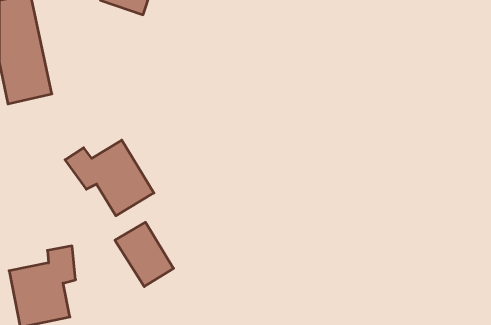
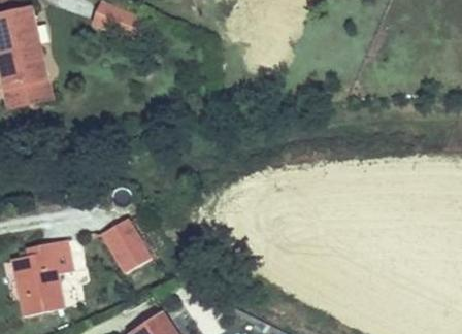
building: [65,140,154,216] -> none

